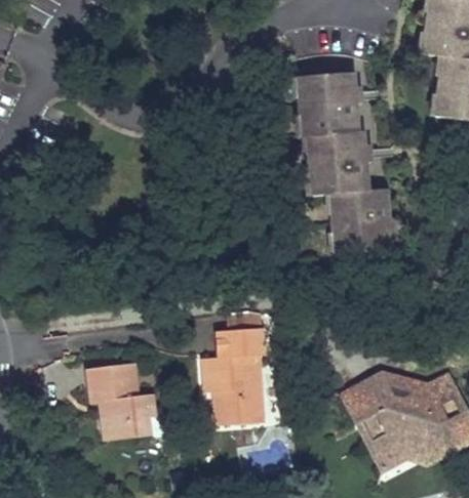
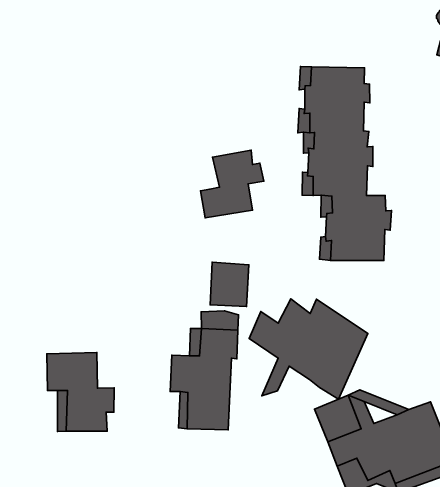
building: none -> [201,150,264,218]
building: none -> [210,262,249,307]
building: none -> [249,299,368,399]

